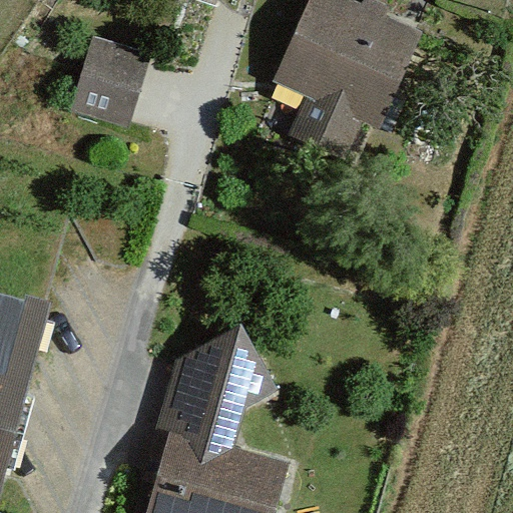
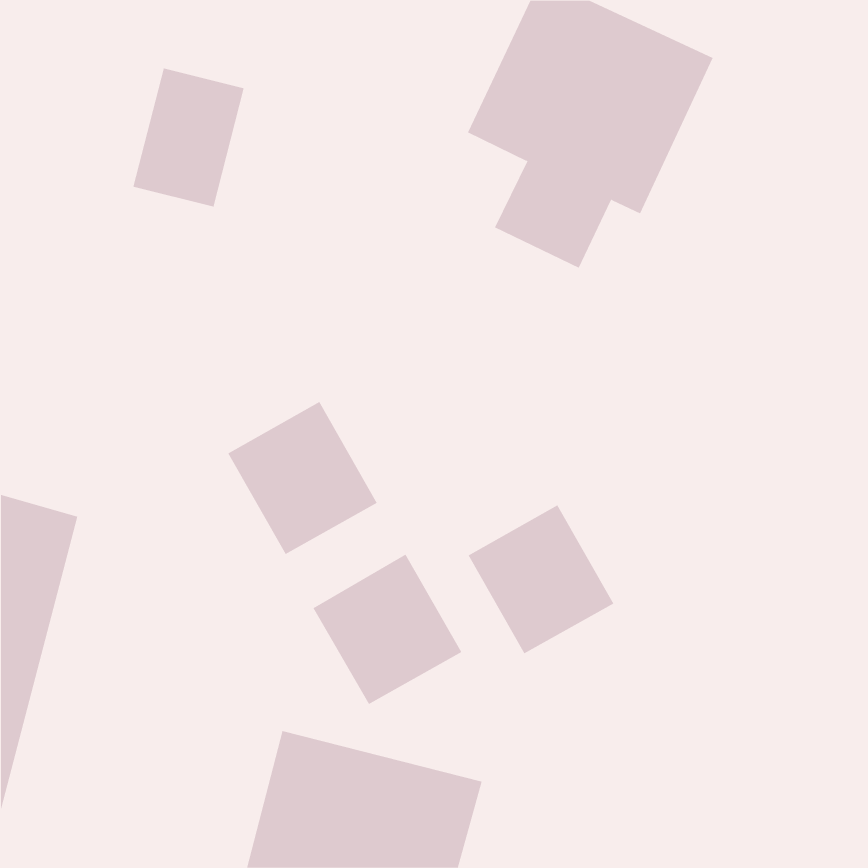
building: none -> [227,401,377,555]
building: none -> [468,504,614,654]

